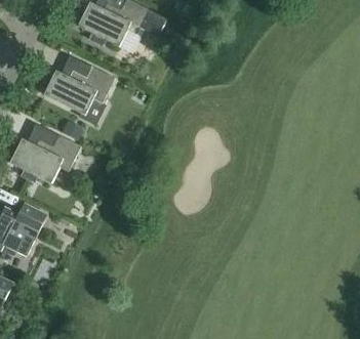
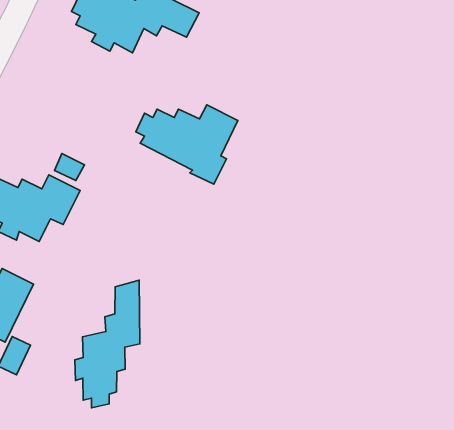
building: [41,67,115,124] -> [136,105,238,184]
building: none -> [75,280,140,408]

